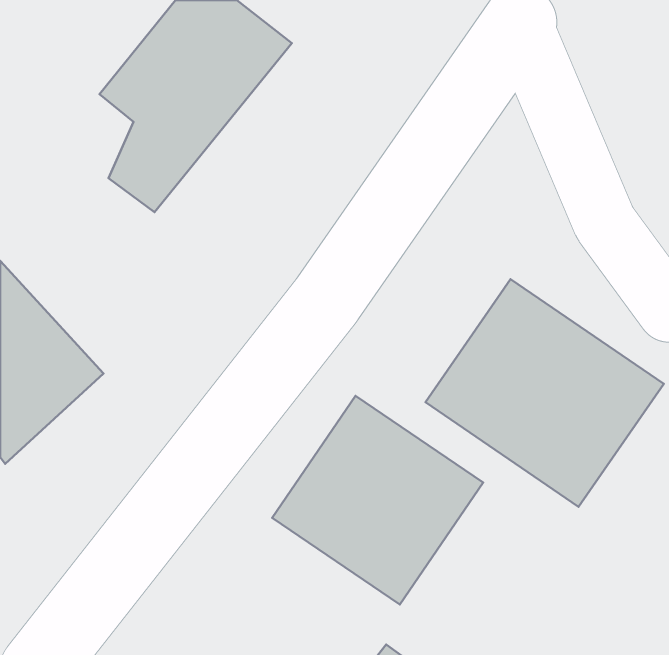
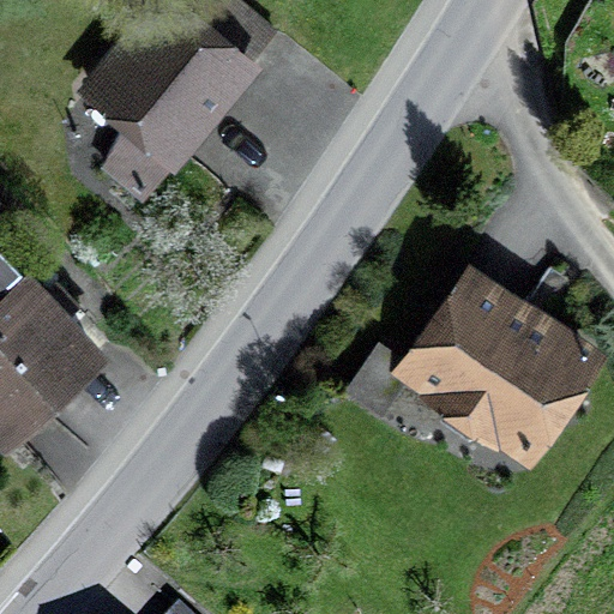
building: [272,396,483,604] -> none

